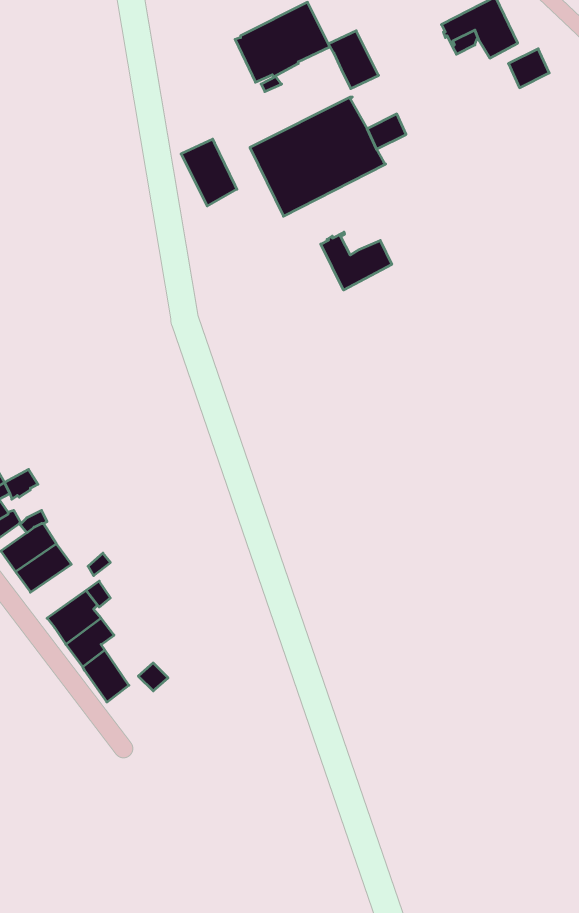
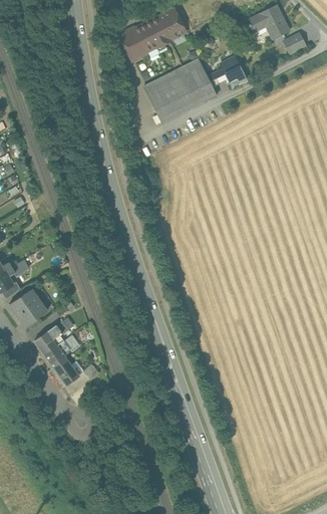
building: [328,31,379,89] -> [220,55,247,86]
building: [181,139,237,206] -> [117,25,147,61]
building: [321,232,392,290] -> none

